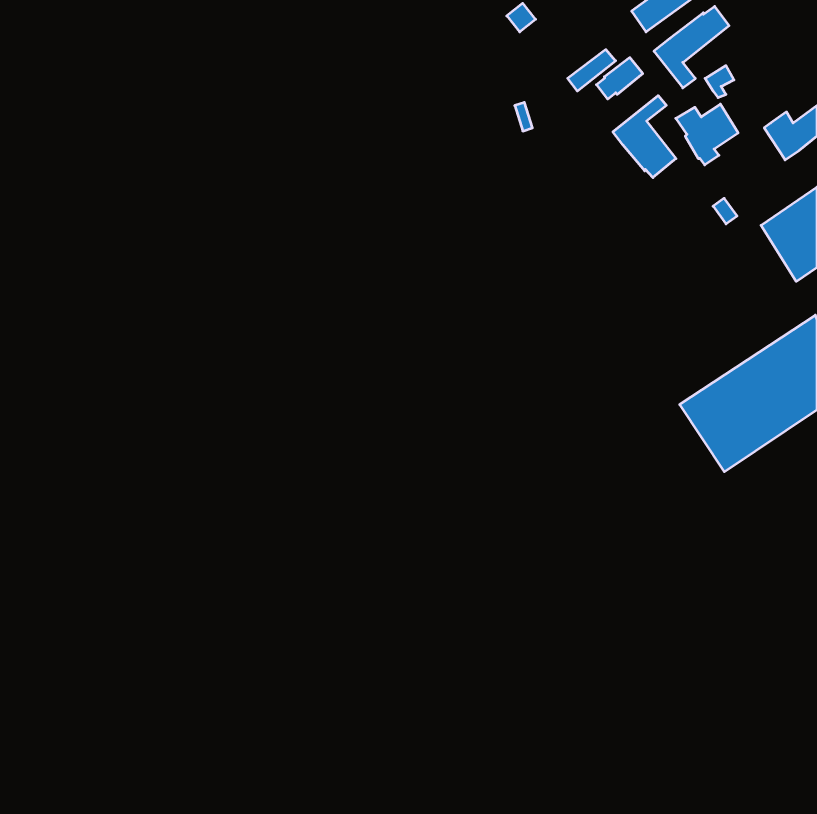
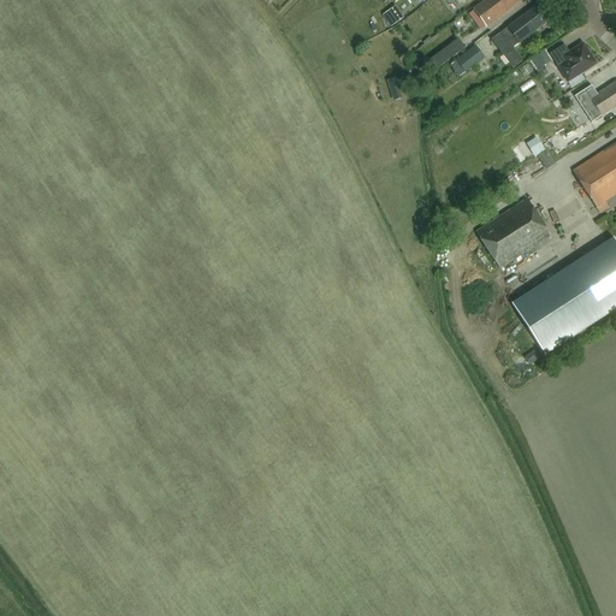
building: [613,96,676,178] -> none
building: [676,104,738,165] -> [550,41,597,87]
building: none -> [472,197,551,268]

